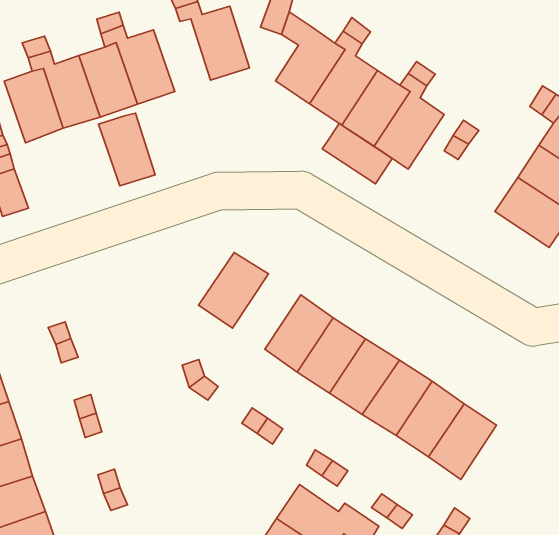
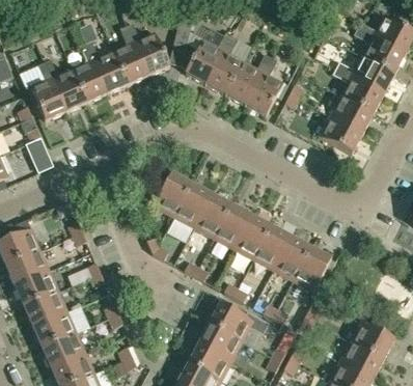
building: [98,113,155,186] -> [112,42,147,84]
building: [322,123,392,184] -> none
building: none -> [173,184,211,227]

